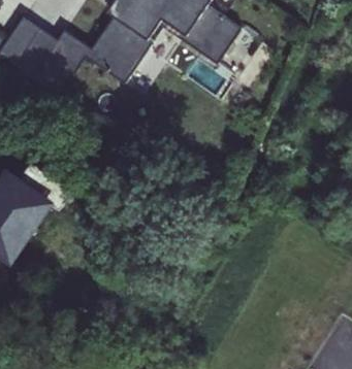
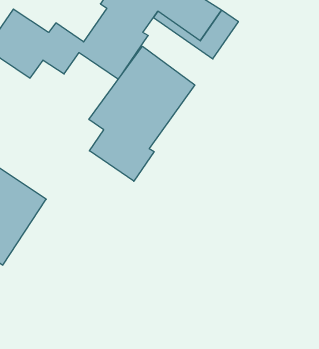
building: none -> [89,46,195,181]

